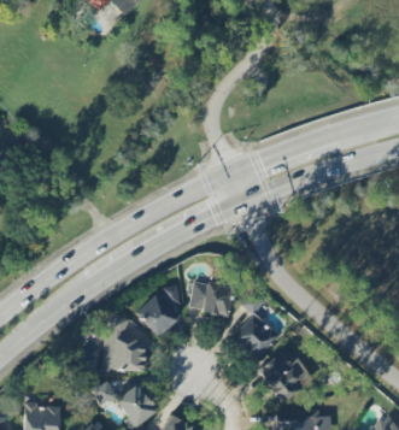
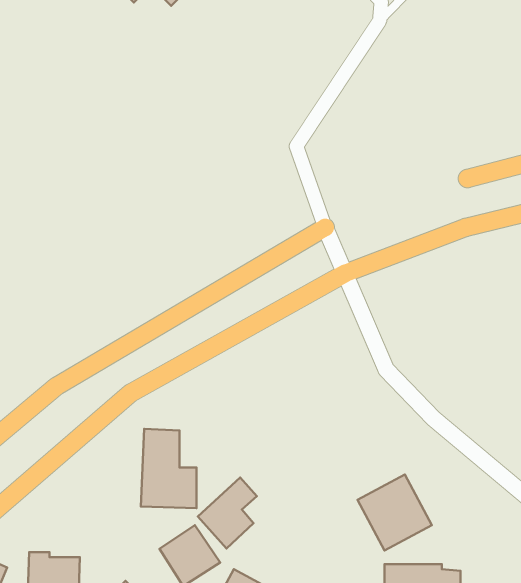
building: [189,281,231,314] -> none
building: [137,287,180,337] -> [198,477,257,549]
building: [231,293,278,360] -> none

